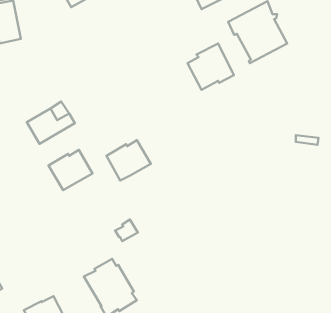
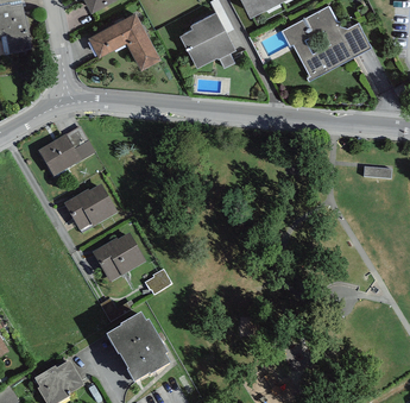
building: none -> [89,10,160,68]
building: none -> [338,20,371,55]
building: [188,44,234,90] -> [179,10,235,65]
building: [106,140,151,180] -> [93,232,146,281]

